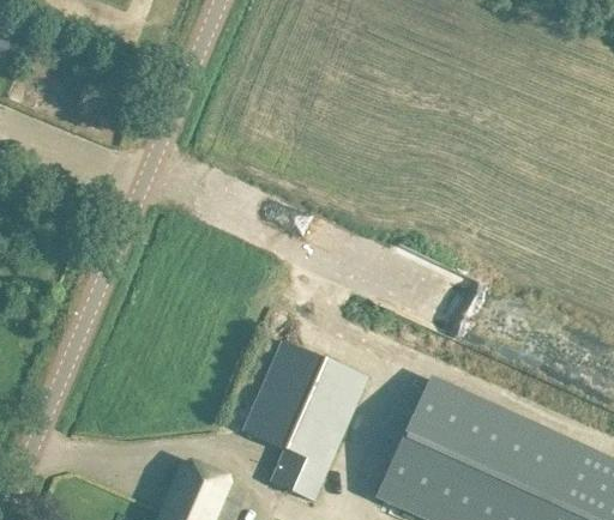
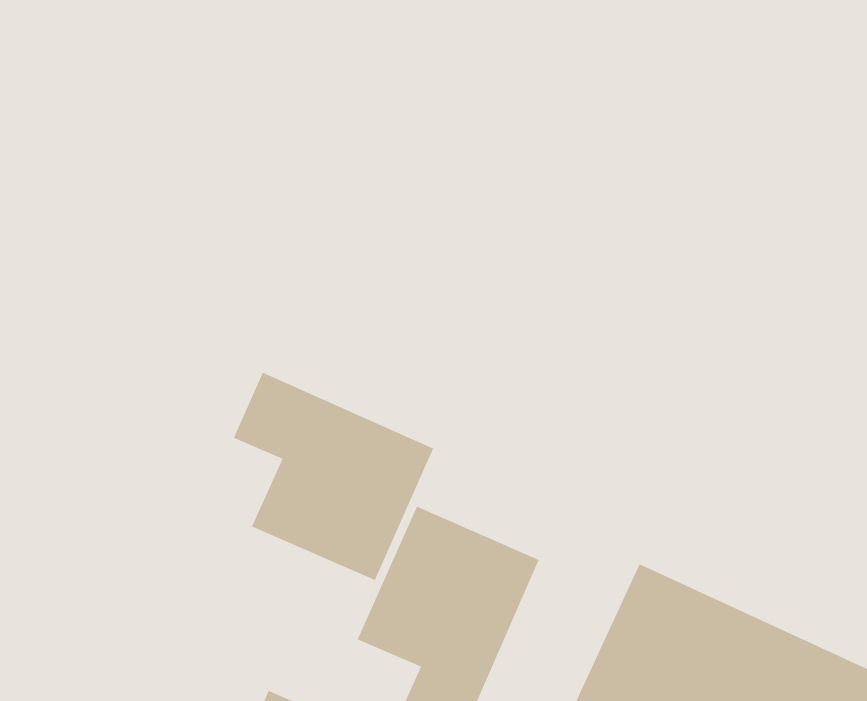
building: none -> [233,372,434,581]

